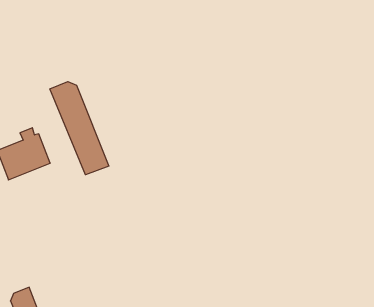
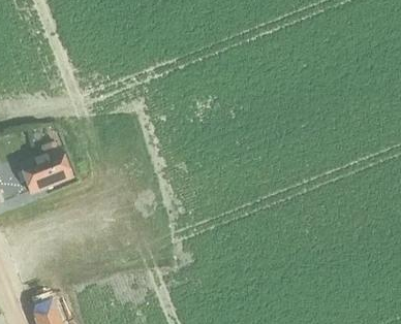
building: [50,82,109,175] -> none

